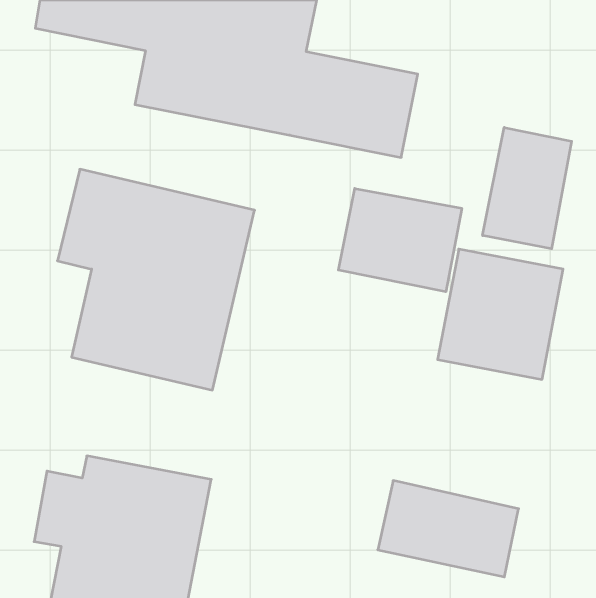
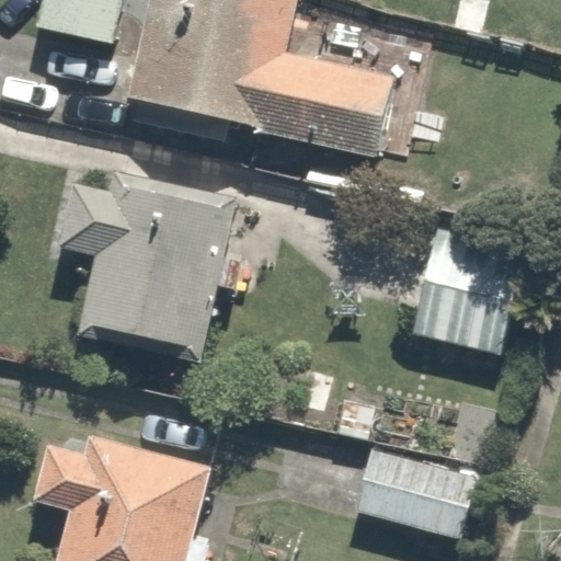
building: [483,127,572,249] -> none
building: [338,188,462,292] -> none

